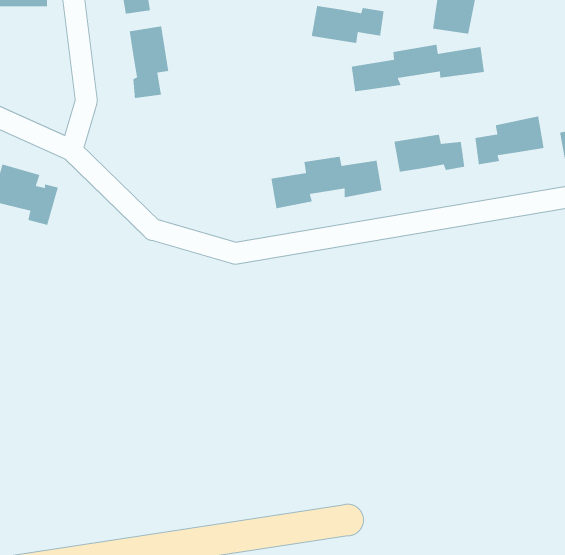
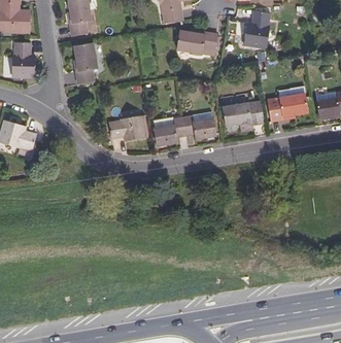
building: none -> [11,43,34,77]
building: [351,44,485,92] -> none
building: none -> [109,114,146,140]

